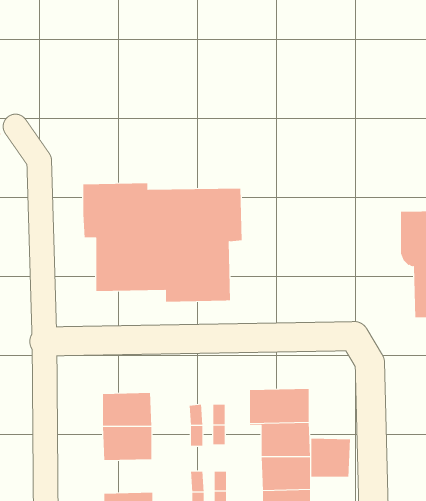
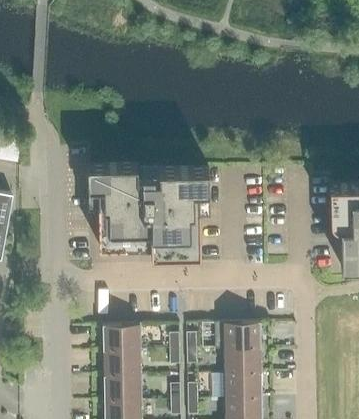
building: [311,438,350,478] -> none
building: none -> [103,375,141,401]

